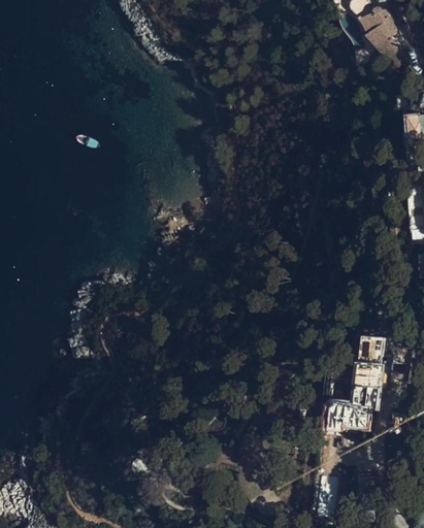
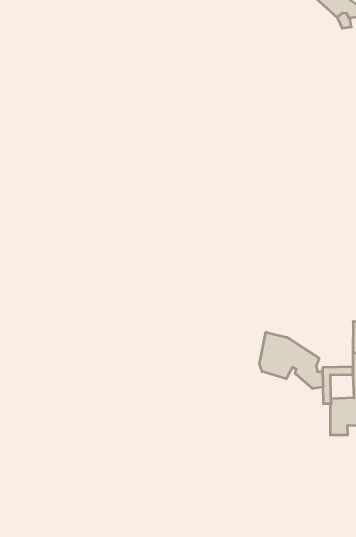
building: none -> [259,332,323,389]

